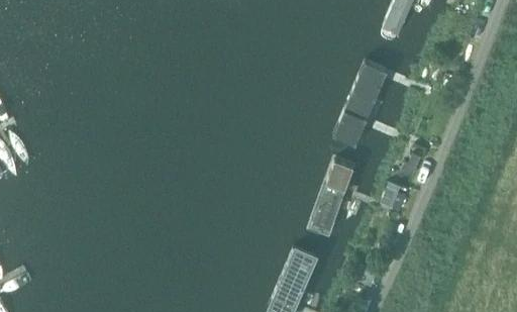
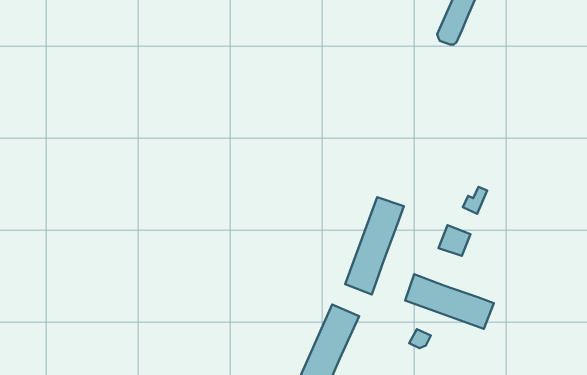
building: [331,62,386,148] -> none
building: none -> [405,274,494,329]

